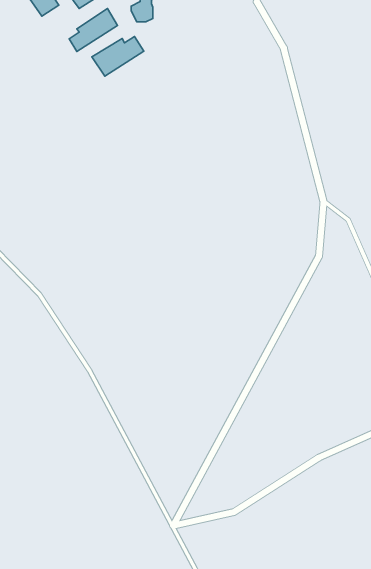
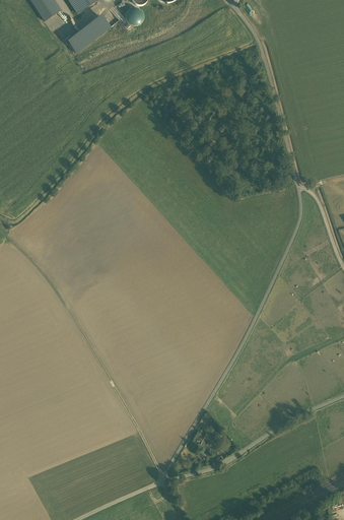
building: [92,37,144,76] -> none

